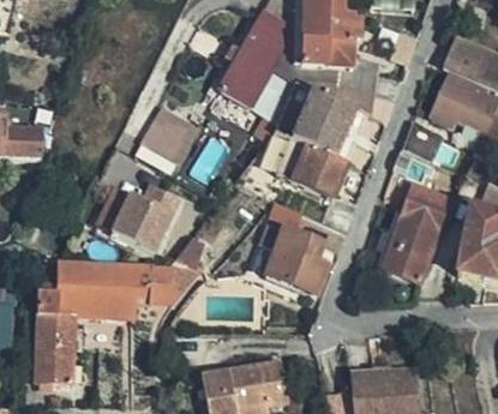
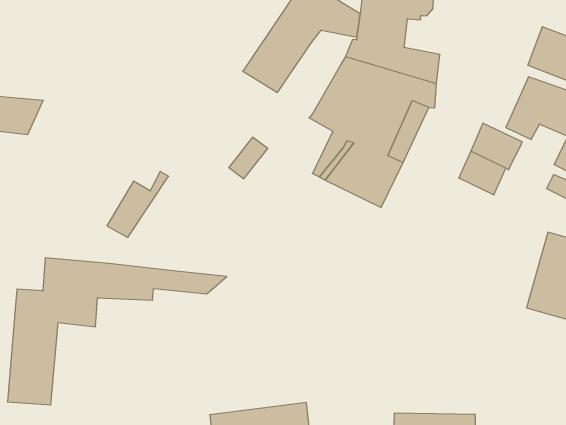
building: [238,65,289,124] -> none
building: [140,113,206,182] -> none
building: [374,181,455,277] -> none
building: [122,184,172,247] -> none
building: [260,200,325,298] -> none
building: [101,277,191,312] -> none

